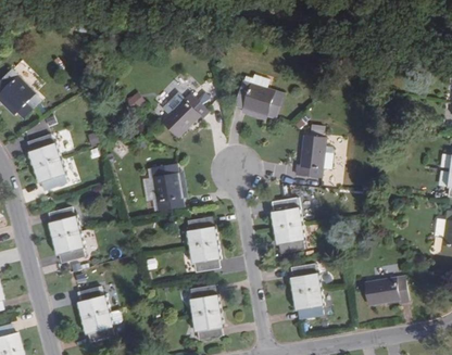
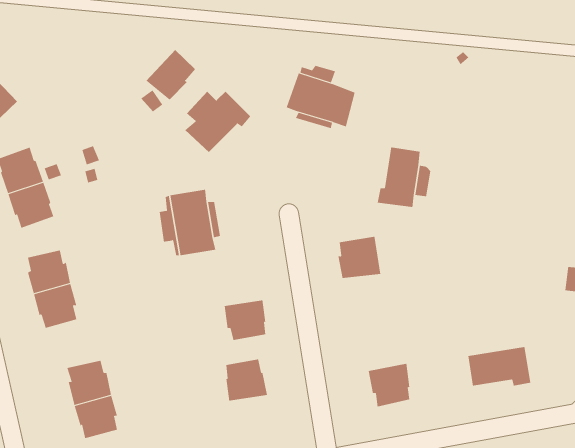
building: none -> [146,49,196,100]
building: [187,216,217,246] -> none
building: [274,224,305,253] -> none
building: [290,263,321,293] -> none
building: [192,310,223,340] -> none

